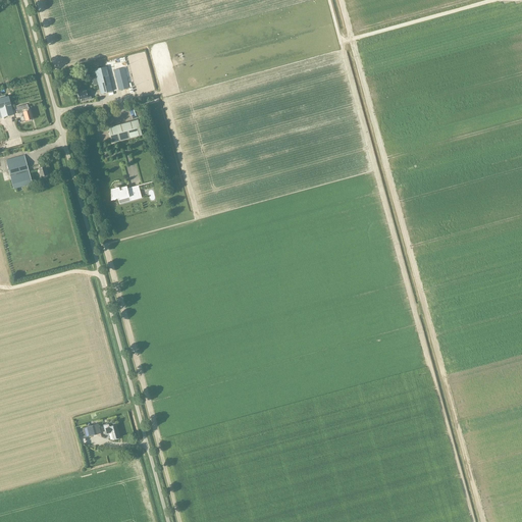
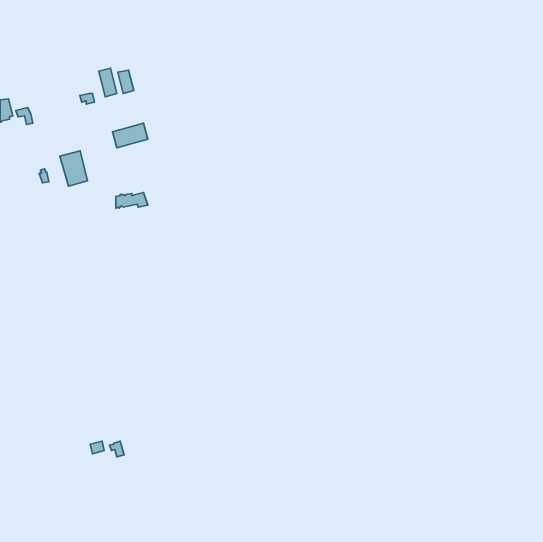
building: [5,154,32,188] -> [60,151,88,186]

